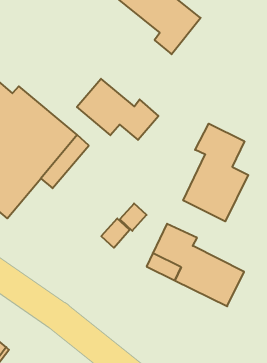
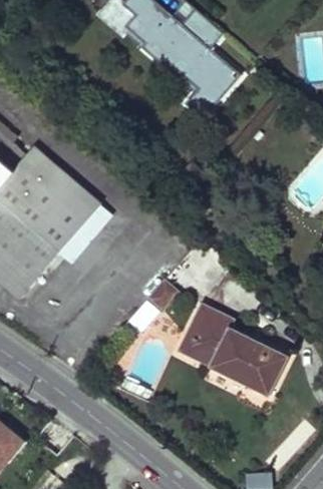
building: [77,79,158,140] -> none
building: [183,124,248,221] -> none

